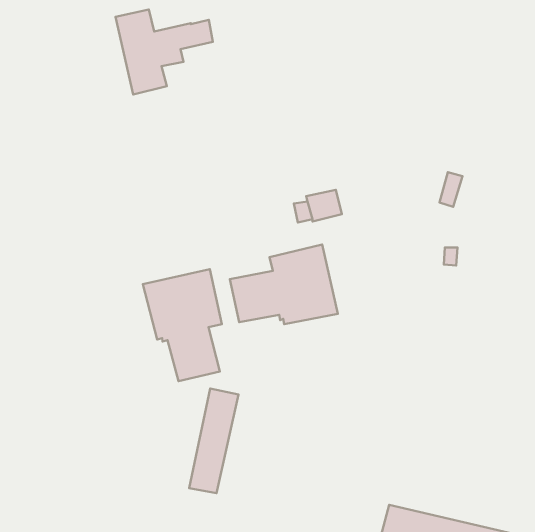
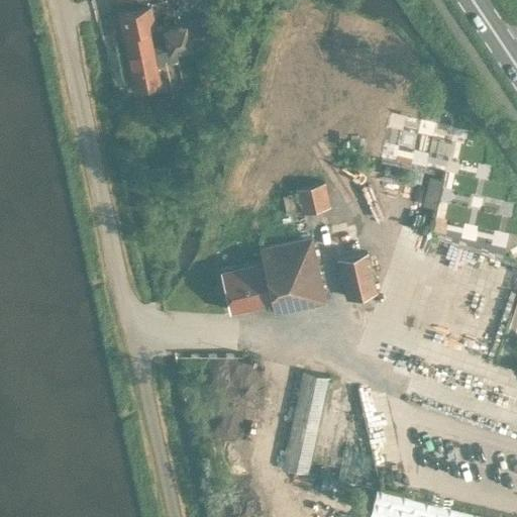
building: none -> [337,257,377,301]
building: [143,269,222,381] -> none
building: [189,388,239,493] -> [283,376,330,477]

